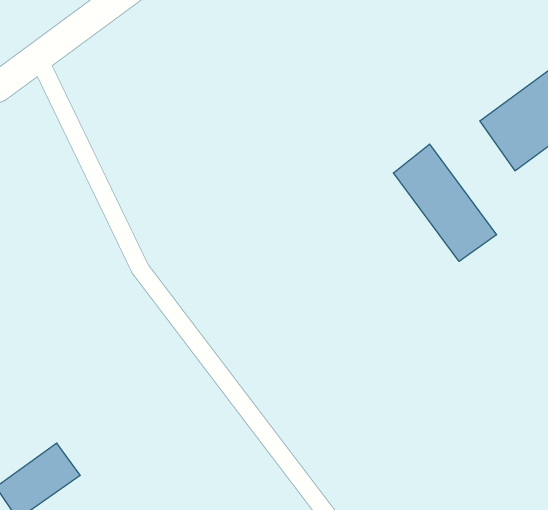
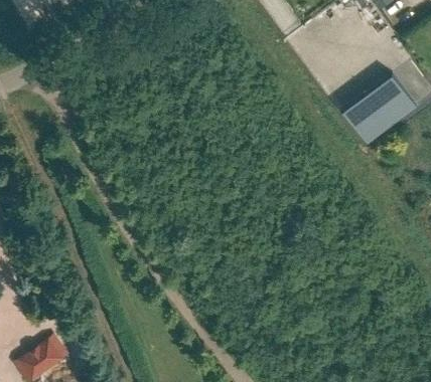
building: [393,144,497,261] -> none

